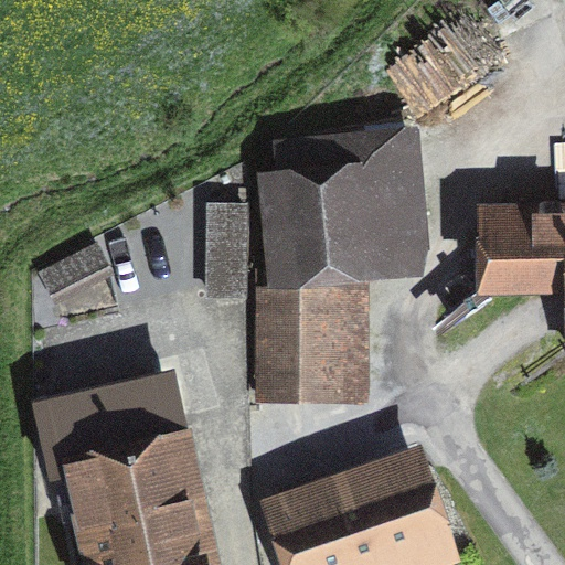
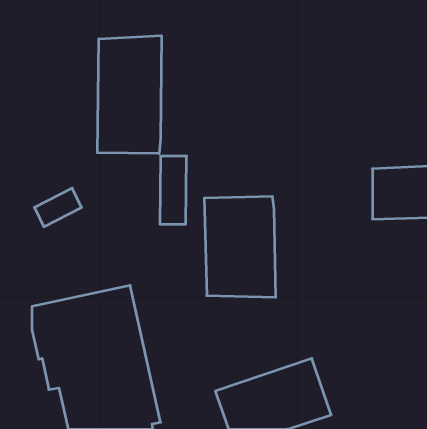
building: none -> [97,36,161,154]
building: [269,134,425,260] -> none

